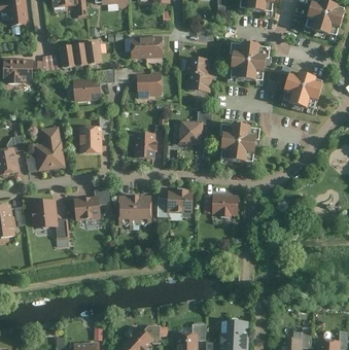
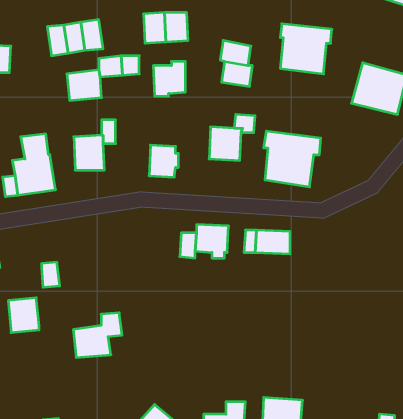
building: [73,187,109,220] -> [73,313,122,357]
building: [118,198,150,223] -> none
building: [32,201,55,226] -> [8,298,39,333]

